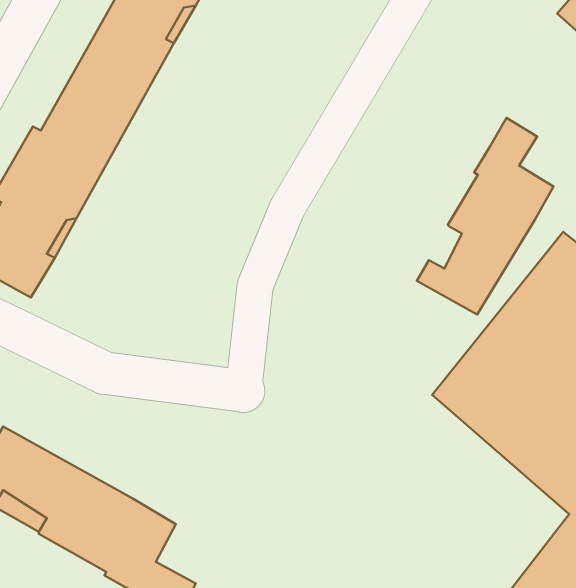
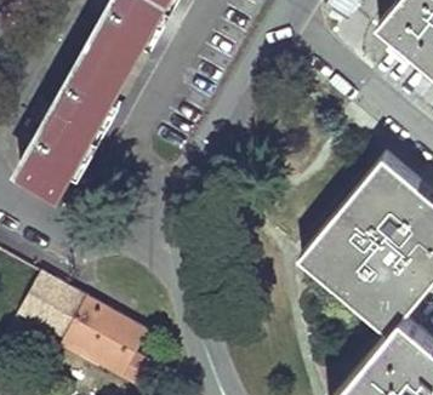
building: [417,118,553,315] -> none

